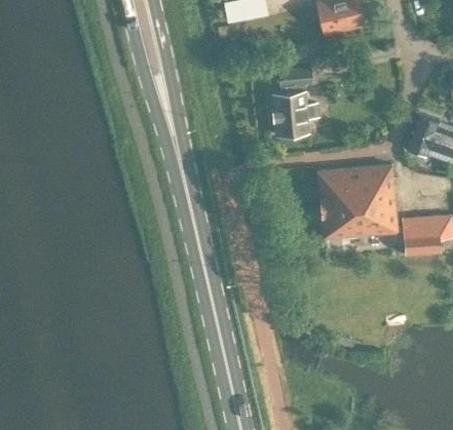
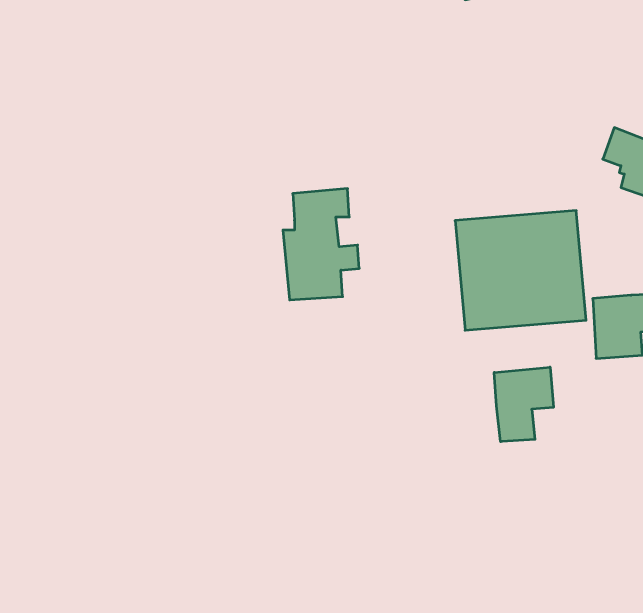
building: [271,68,318,136] -> [283,189,359,300]
building: none -> [494,367,553,442]

